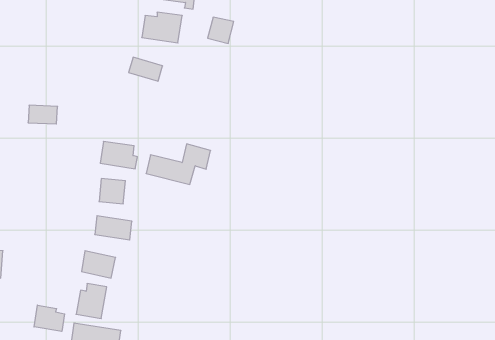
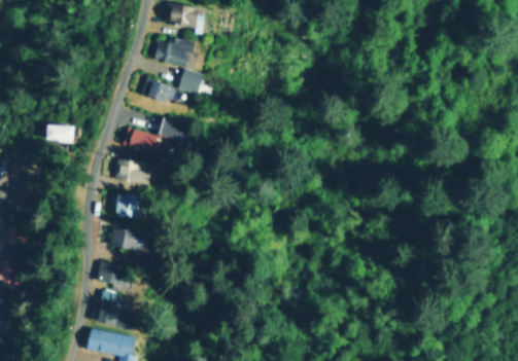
building: [208,17,234,43] -> [179,69,204,94]
building: [146,144,211,184] -> [125,117,185,155]
building: [34,305,65,331] -> none

